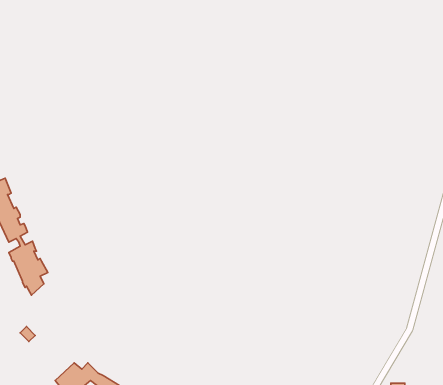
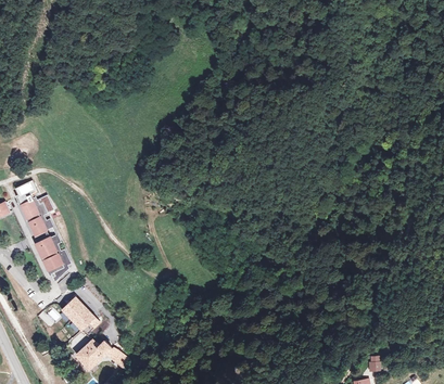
building: none -> [62,300,97,331]

